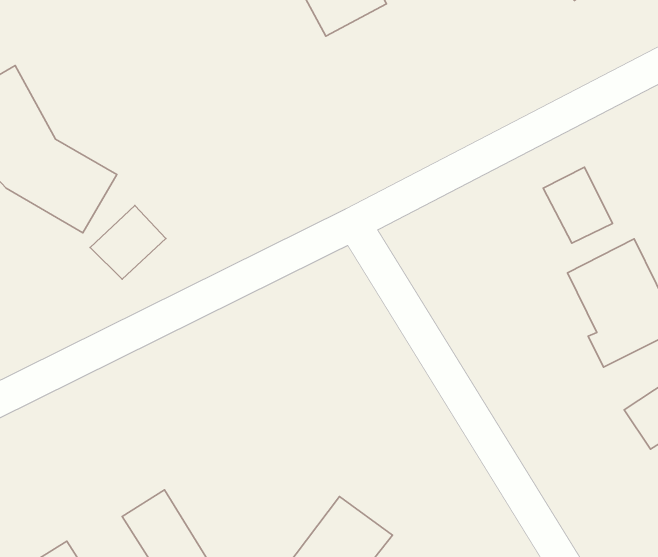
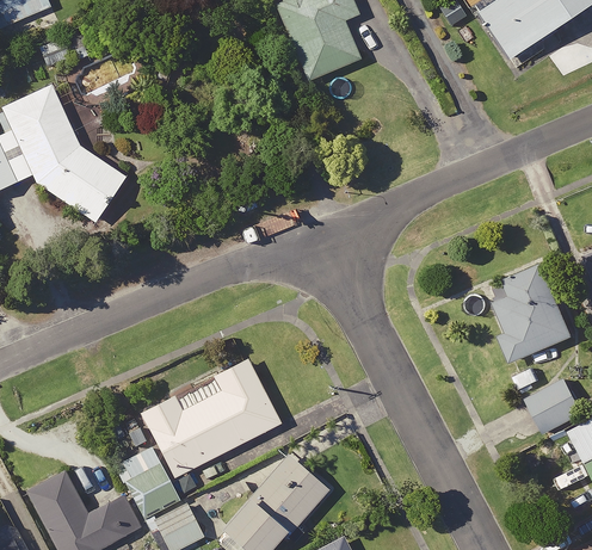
building: [543,167,613,243] -> none
building: [90,205,166,279] -> none
building: none -> [143,361,279,477]

